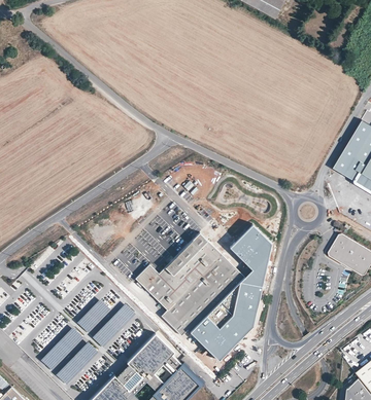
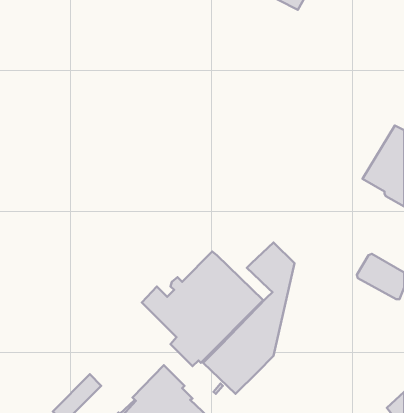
building: [78,300,112,333] -> none
building: [94,303,138,349] -> none
building: [41,328,85,371] -> none

